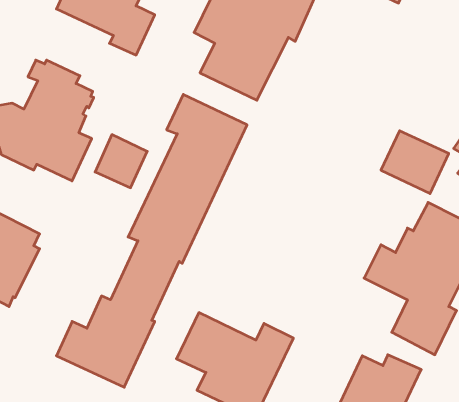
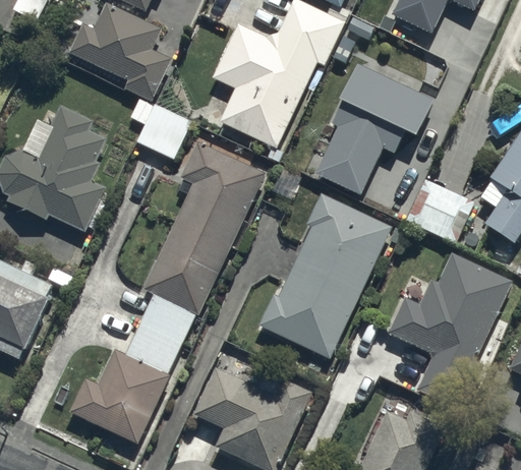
building: none -> [314,63,433,194]
building: [95,135,147,188] -> [136,103,190,158]
building: none -> [257,194,391,358]

